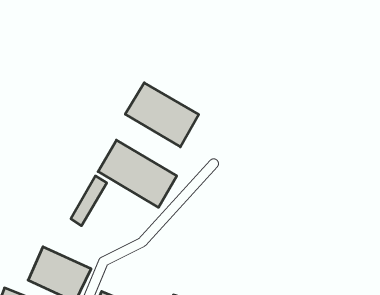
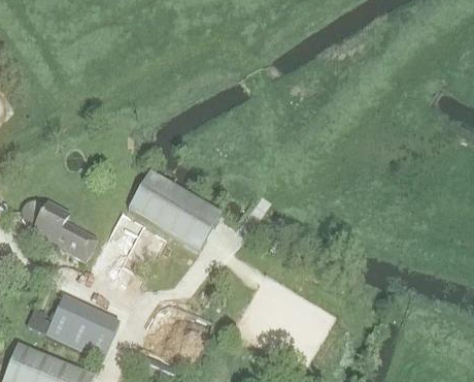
building: [125,83,199,147] -> none
building: none -> [23,199,98,259]

